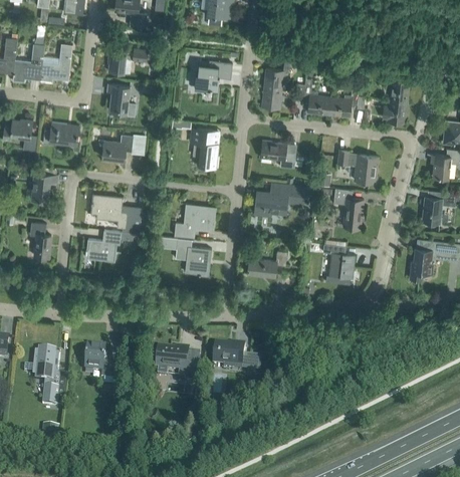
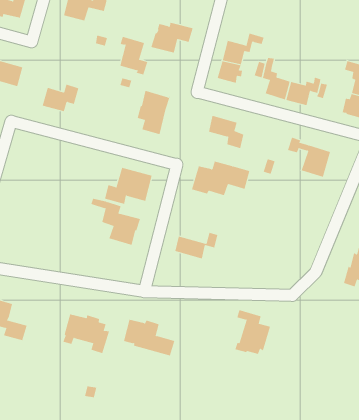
building: [106,83,136,116] -> [119,36,148,75]
building: [332,189,363,228] -> none
building: [85,194,141,261] -> none
building: [321,244,355,283] -> [235,309,271,355]

